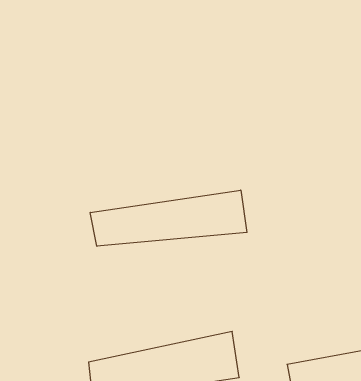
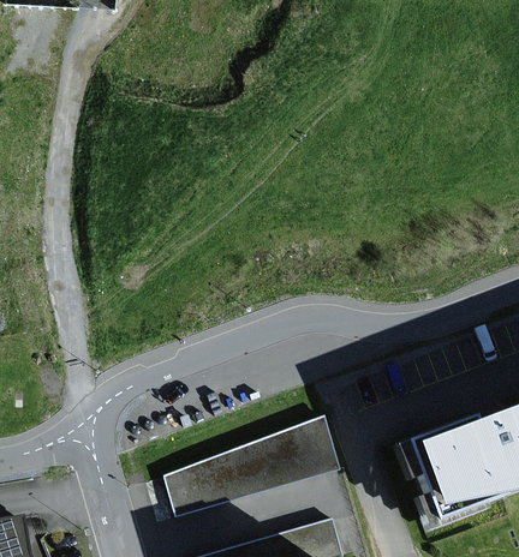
building: [90,190,247,246] -> none

